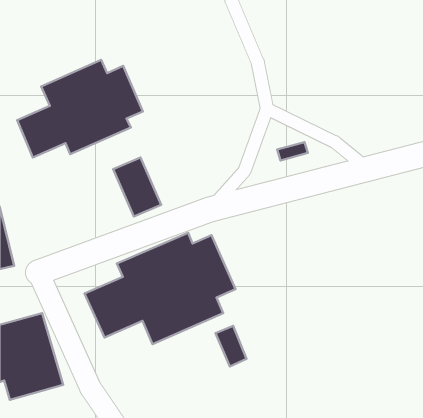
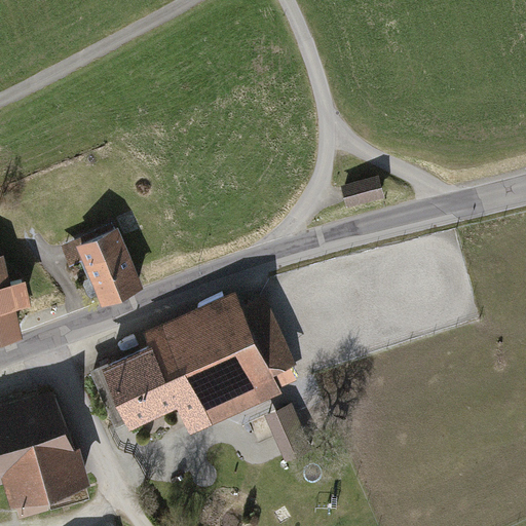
building: [17,60,143,157] -> none
building: [113,157,161,216] -> [80,232,140,305]

